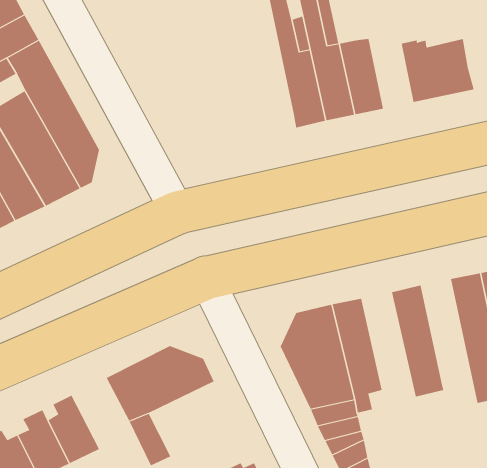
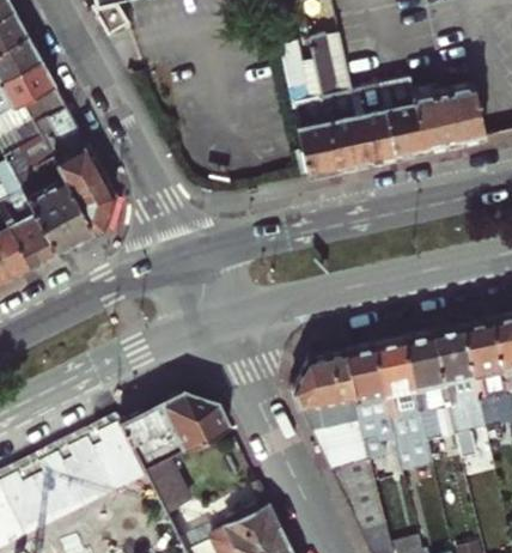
building: none -> [382,79,425,156]
building: none -> [433,324,492,464]
building: none -> [374,338,432,467]
building: none -> [92,423,148,493]

